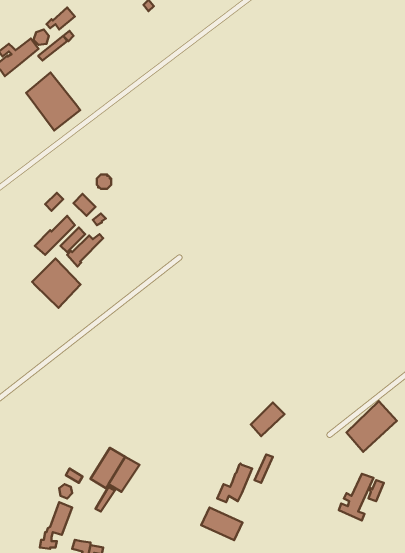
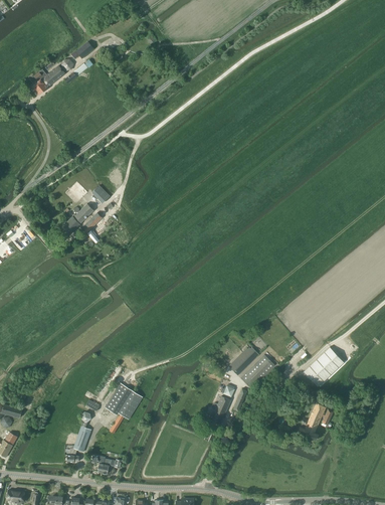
building: [26,73,80,130] -> none
building: [32,259,81,308] -> none
building: none -> [242,355,274,387]
building: [201,508,243,540] -> none

